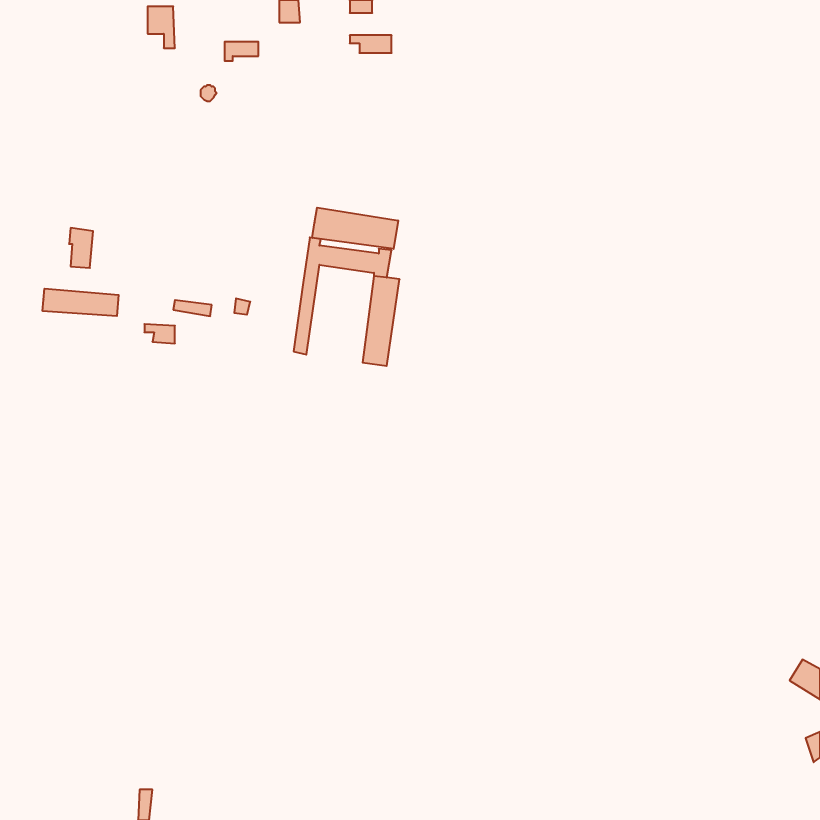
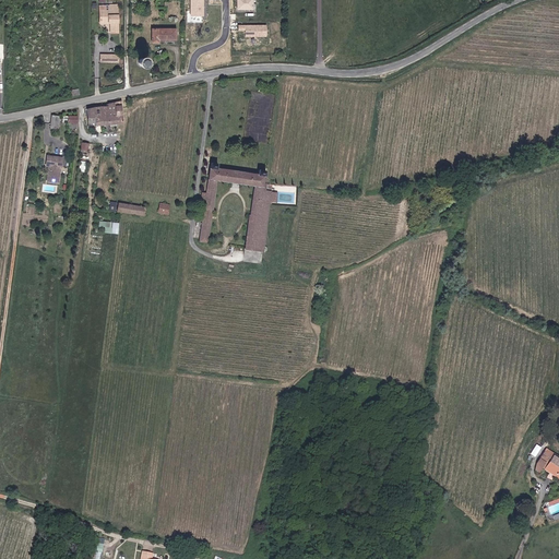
building: none -> [87,100,123,126]
building: [312,208,398,249] -> none
building: [43,289,119,316] -> none

